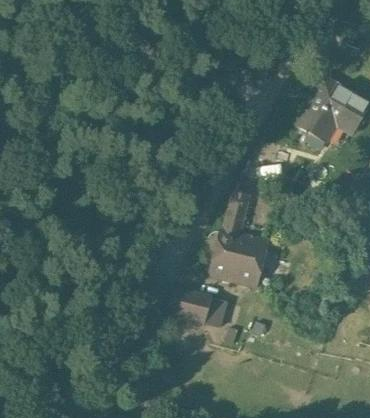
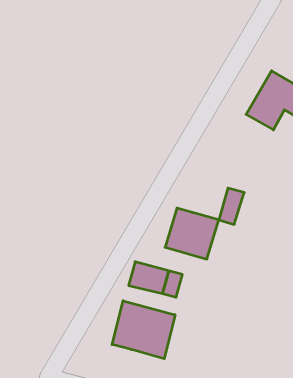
building: [221,195,249,235] -> [219,188,244,224]
building: none -> [112,301,175,359]

